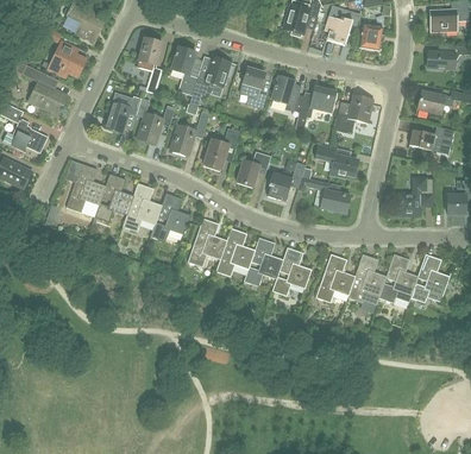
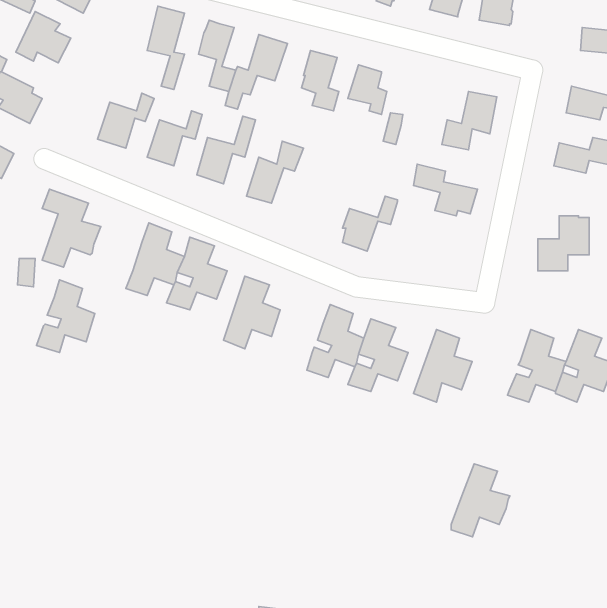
building: [309,86,337,112] -> none
building: [237,151,271,187] -> none
building: [94,172,133,221] -> [36,280,95,353]
building: [297,176,350,213] -> none
building: [215,227,255,276] -> none
building: [347,253,387,302] -> [451,464,510,537]

